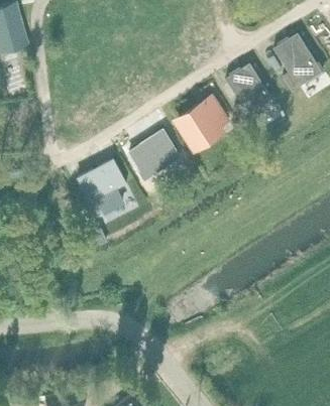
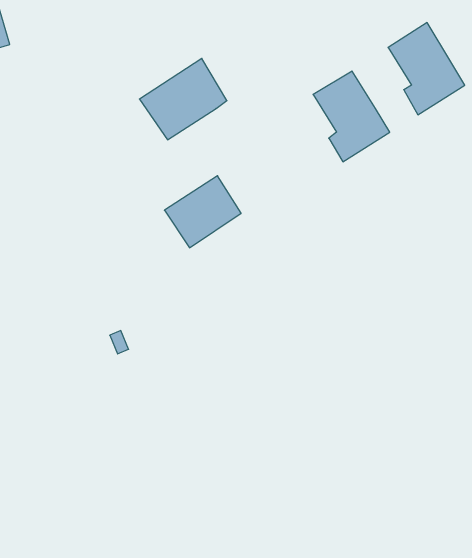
building: [173,93,229,145] -> [139,58,227,140]
building: [80,163,122,211] -> none

